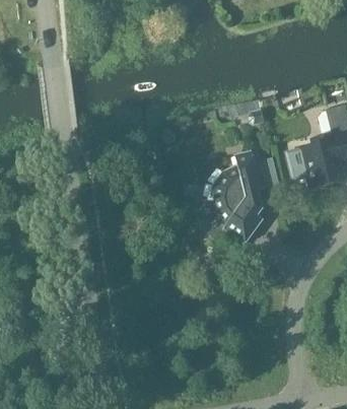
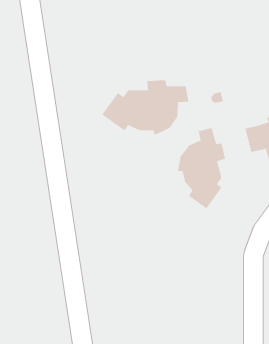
building: none -> [102,80,189,136]

